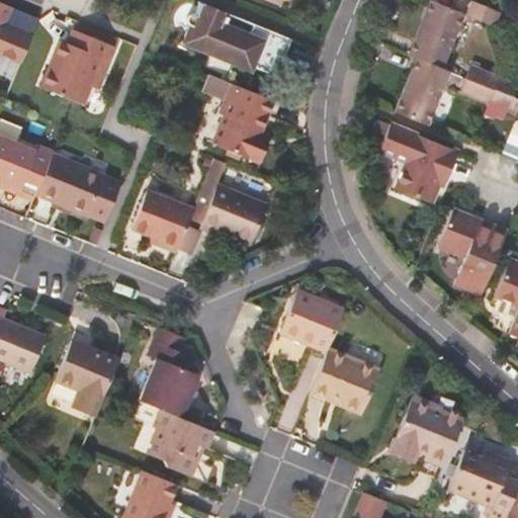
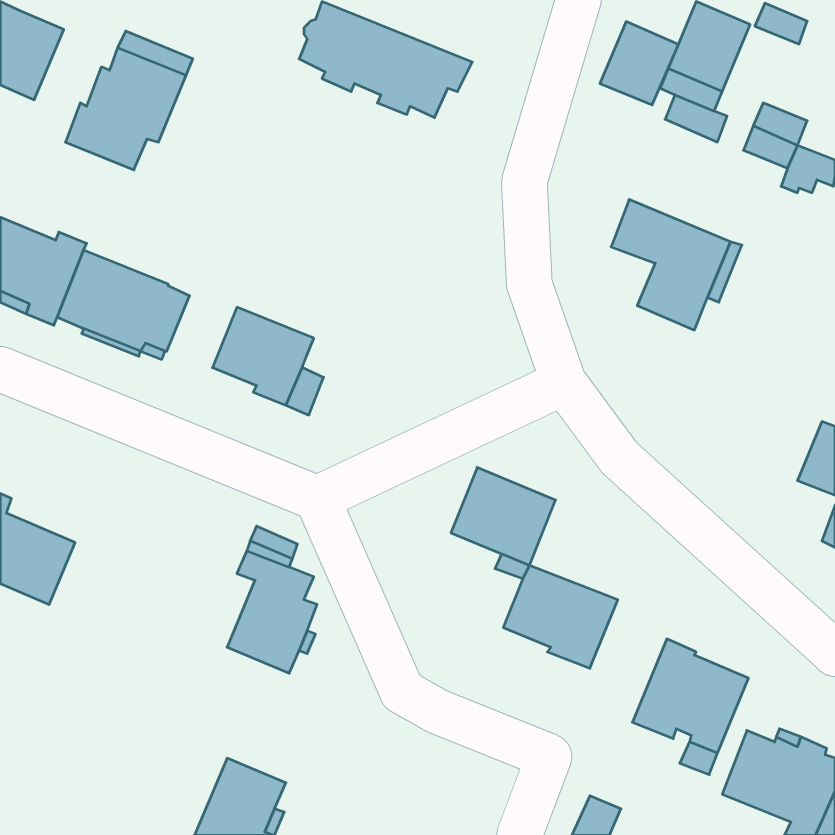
building: [396,74,444,125] -> [600,22,678,105]
building: [208,83,275,161] -> none
building: [190,158,267,244] -> none
building: [438,210,507,296] -> none
building: [56,339,119,416] -> none
building: [152,409,211,477] -> none

